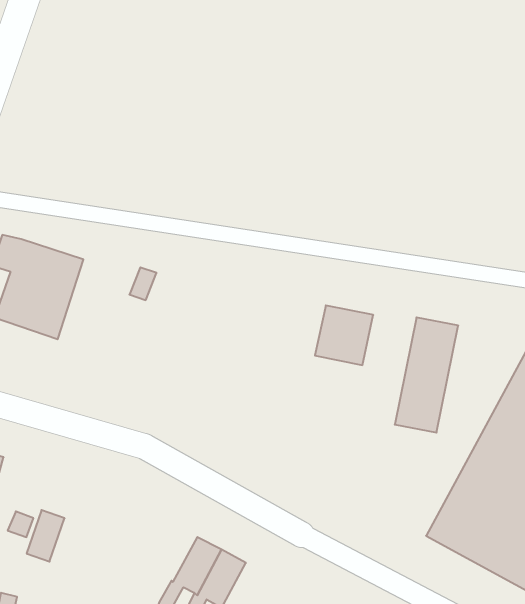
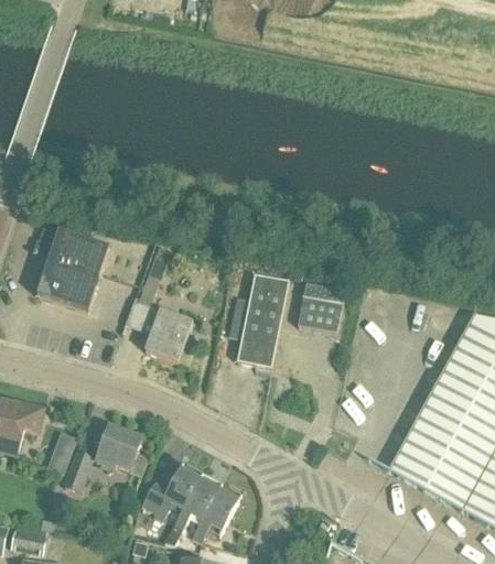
building: [395,317,458,433] -> [237,273,289,367]
building: none -> [126,299,193,361]
building: none -> [97,426,148,473]
building: none -> [141,460,202,519]

